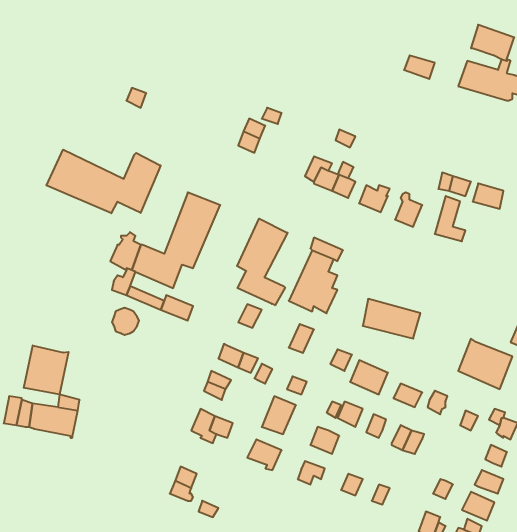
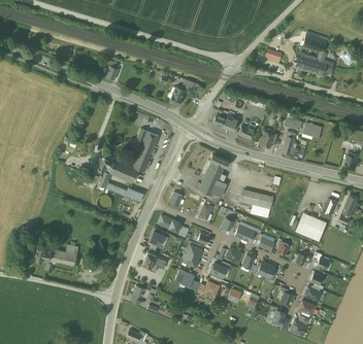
building: [46,150,161,213] -> none
building: [237,219,288,305] -> none
building: [24,345,69,394] -> none

